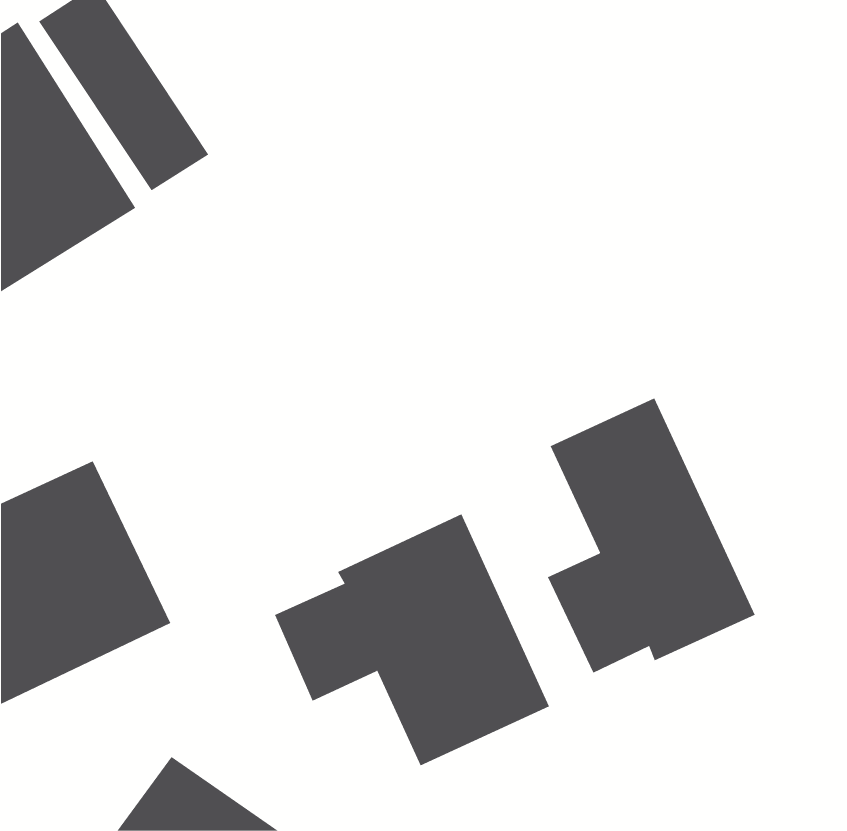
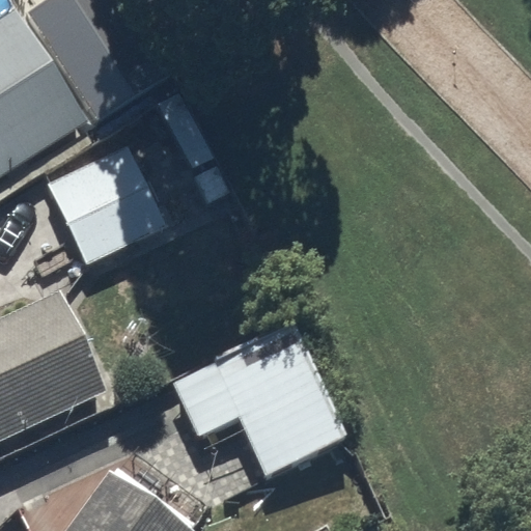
building: none -> [46,144,168,263]
building: [547,397,756,674] -> none

